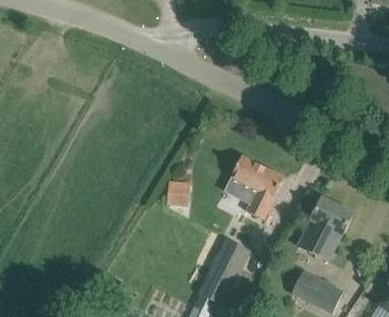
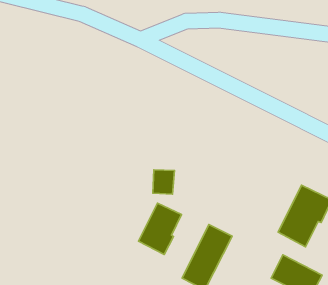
building: [223,156,283,219] -> none
building: none -> [139,203,182,254]

